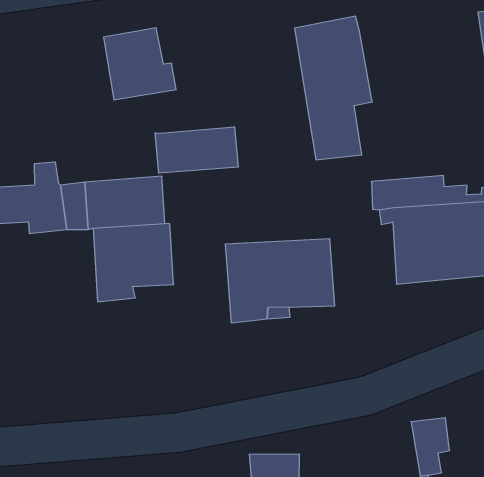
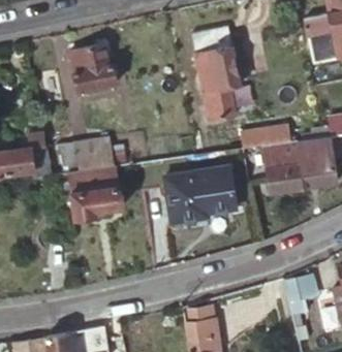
building: [155,127,238,173] -> none

